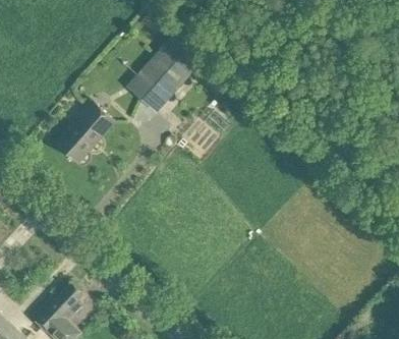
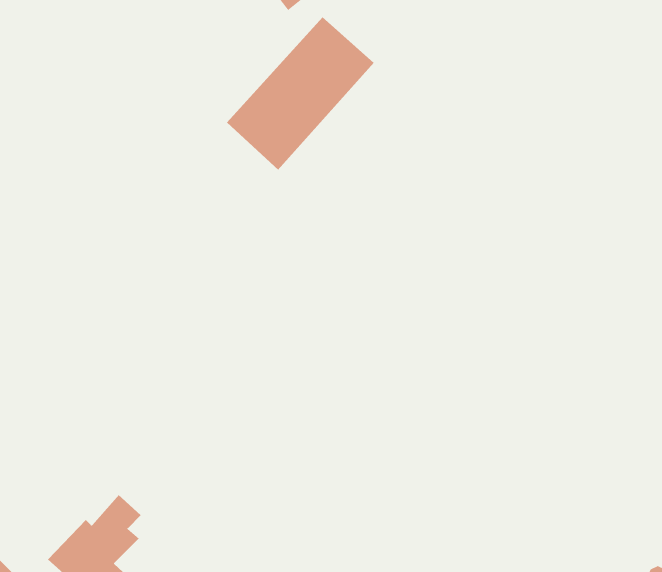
building: [56,102,114,164] -> none

